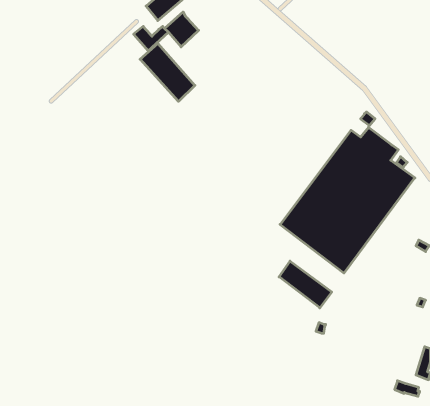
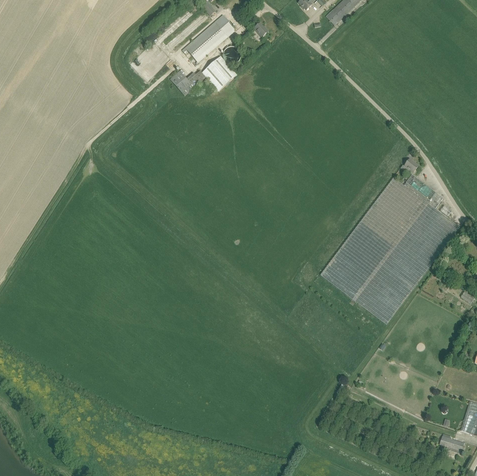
building: [140,43,195,101] -> none
building: [279,261,332,308] -> none

